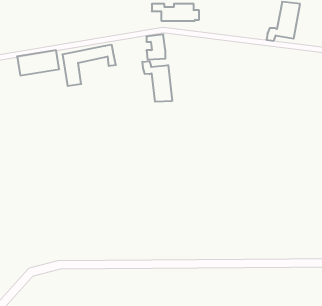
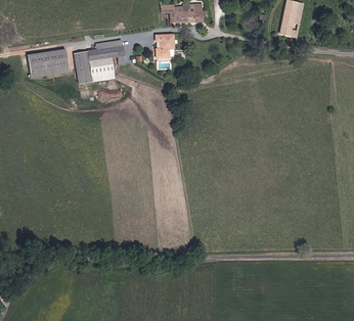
building: [142,61,172,102] -> none

